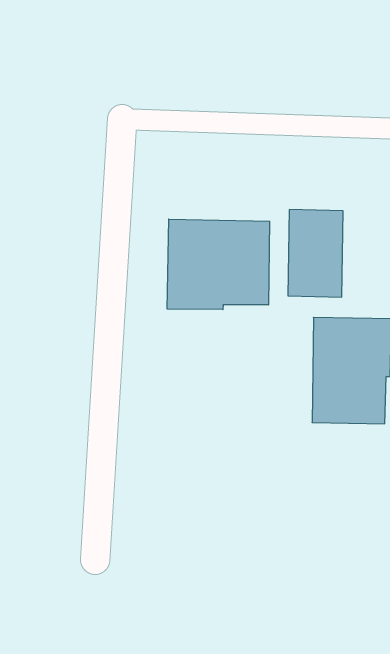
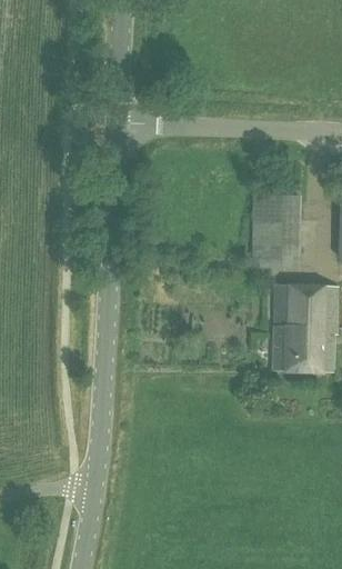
building: [167,219,270,310] -> none

